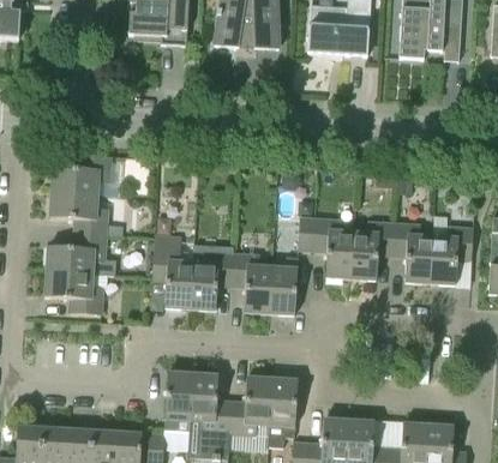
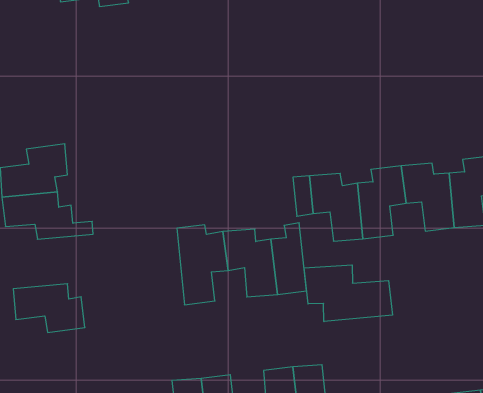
building: [47,232,107,273] -> none
building: [152,232,194,308] -> none
building: none -> [304,265,392,322]

